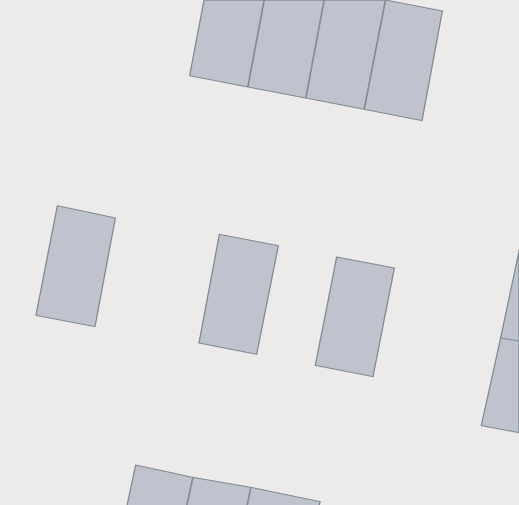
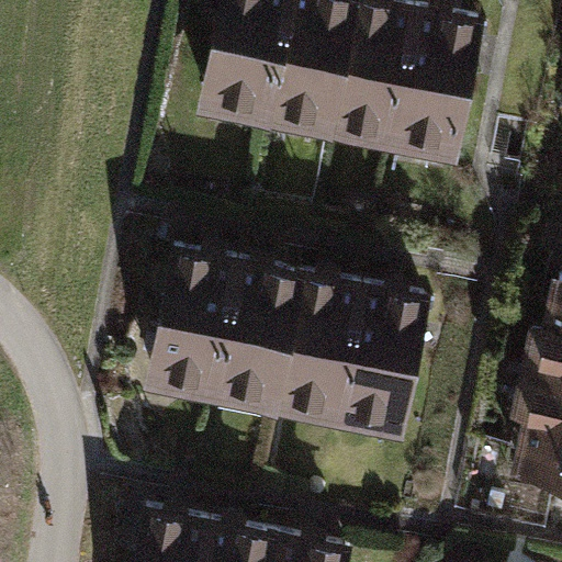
building: [36,206,115,326] -> [150,257,236,386]
building: none -> [277,282,362,411]

